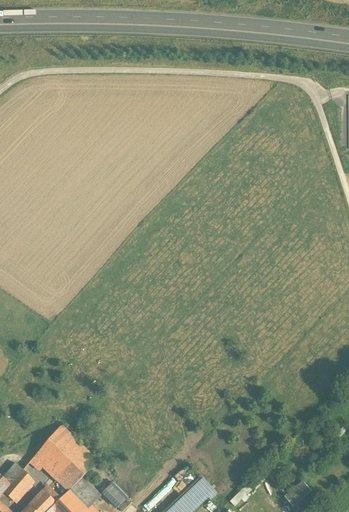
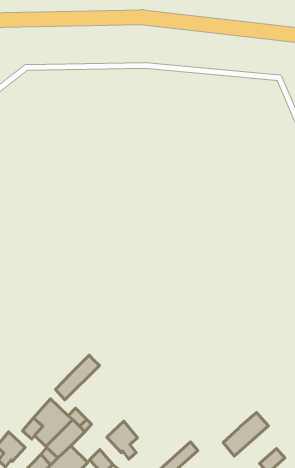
building: none -> [56,355,99,400]
building: none -> [223,412,268,456]
building: none -> [107,421,137,459]

